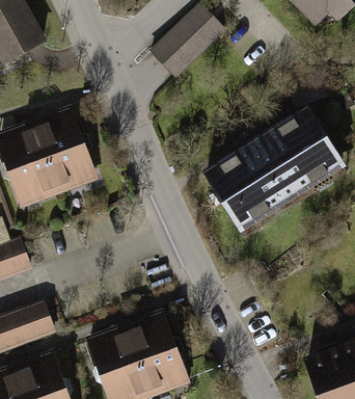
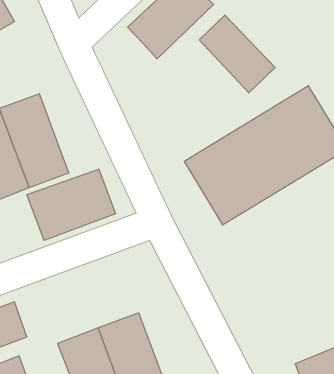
building: none -> [199,15,275,93]
building: none -> [27,169,115,240]

